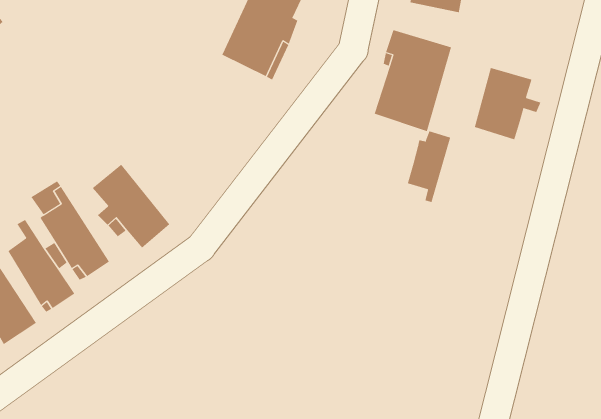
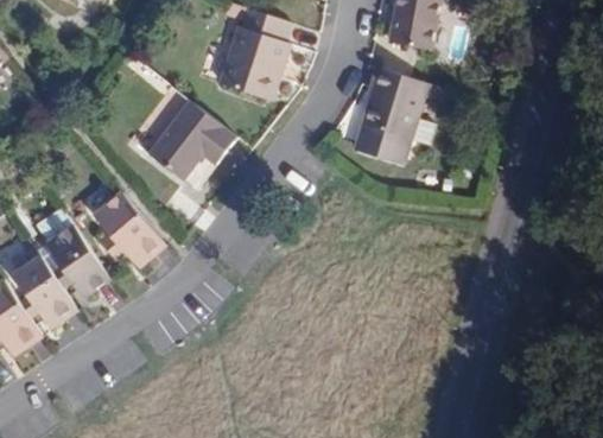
building: none -> [148,100,237,189]
building: [474,67,541,140] -> none
building: [407,131,451,203] -> none

